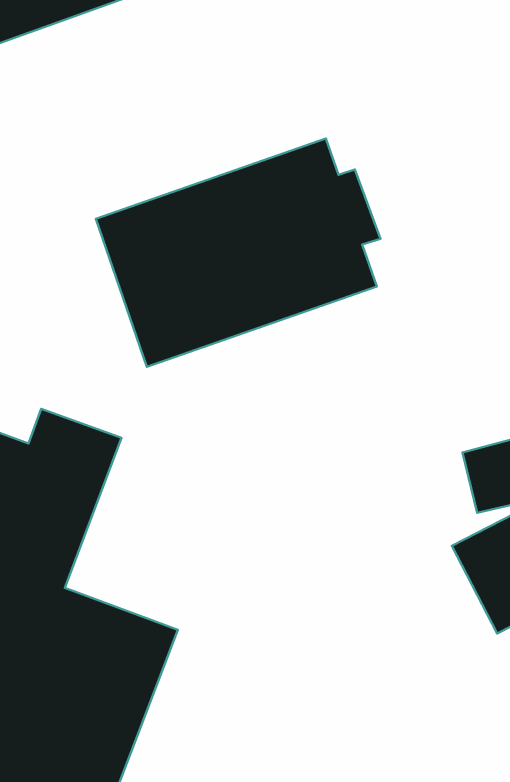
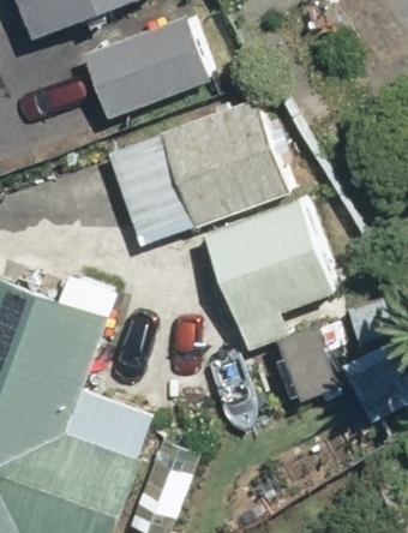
building: none -> [80,16,208,119]
building: none -> [202,198,334,349]

